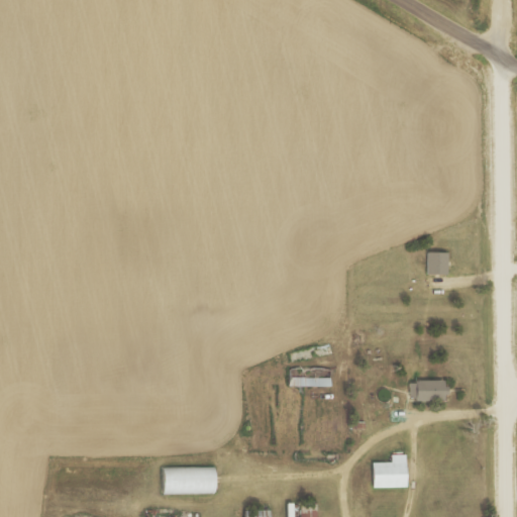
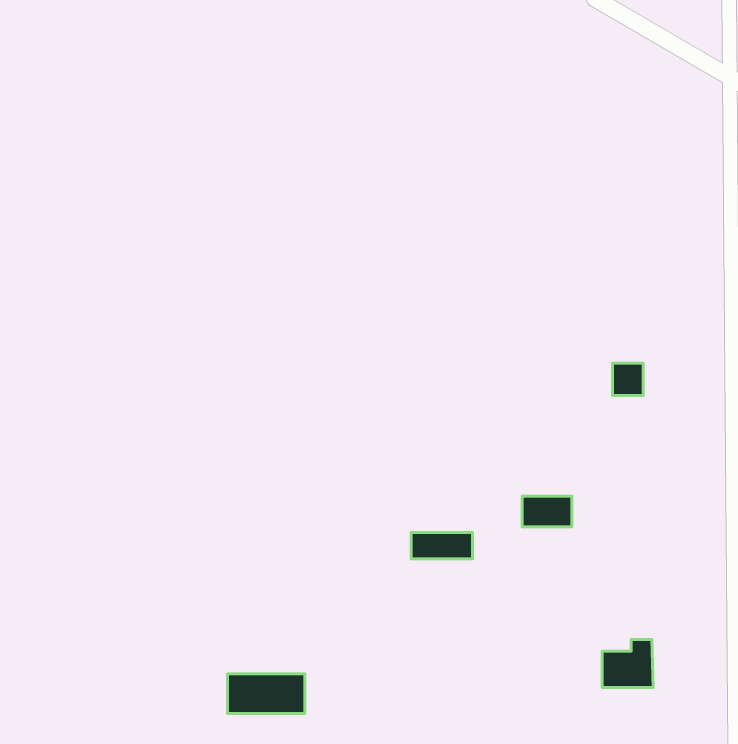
building: [411,380,445,401] -> [522,496,572,527]
building: [373,454,408,488] -> [602,639,653,688]

